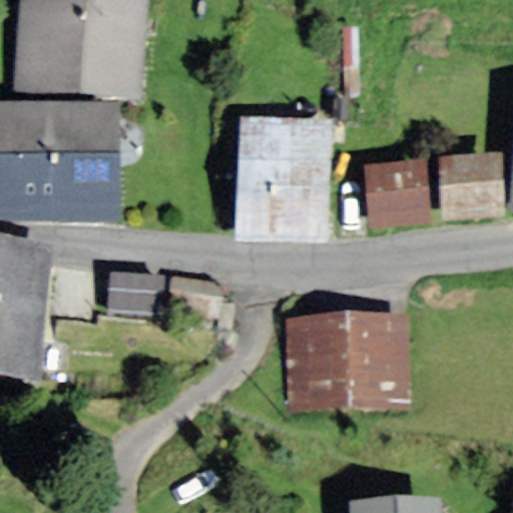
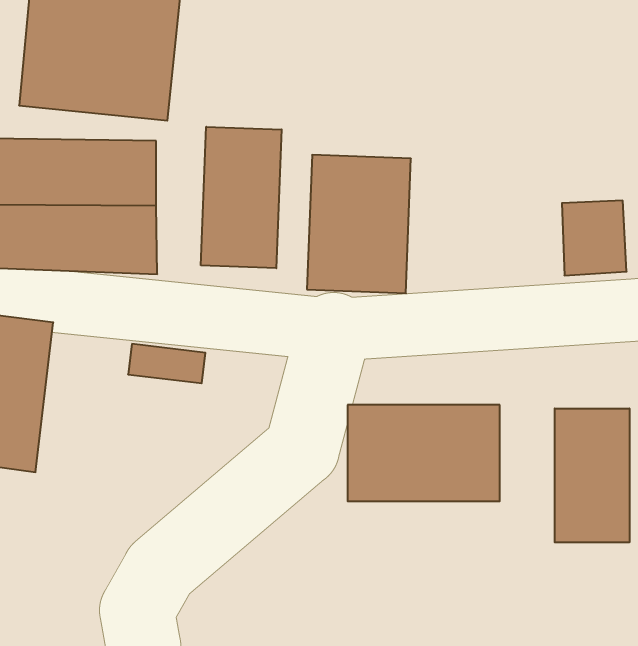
building: none -> [201,127,282,268]
building: [367,164,429,221] -> none
building: none -> [555,408,629,542]

